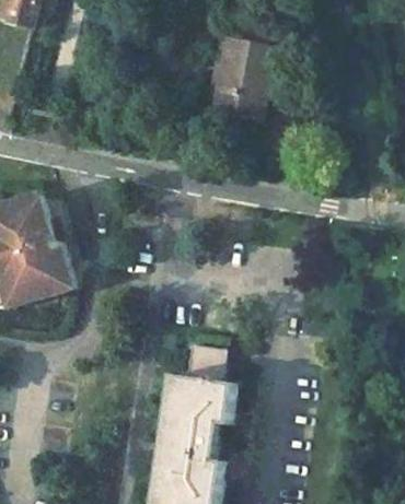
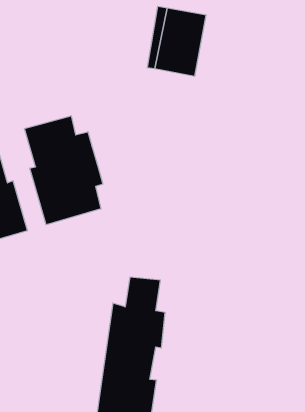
building: none -> [24,116,103,225]

